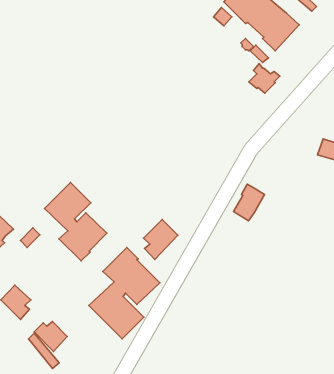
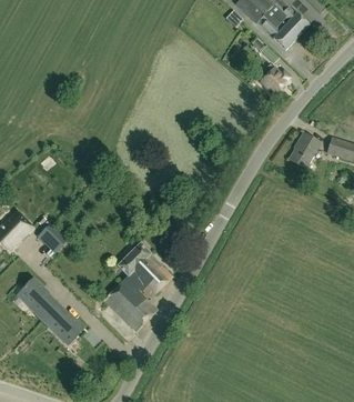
building: [45,183,107,261] -> none
building: [234,184,264,221] -> [289,132,318,168]
building: [144,219,178,259] -> none

